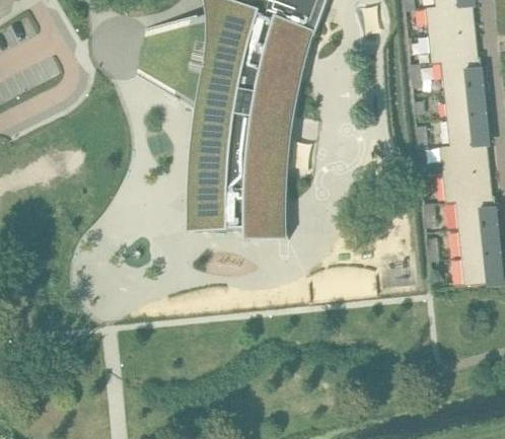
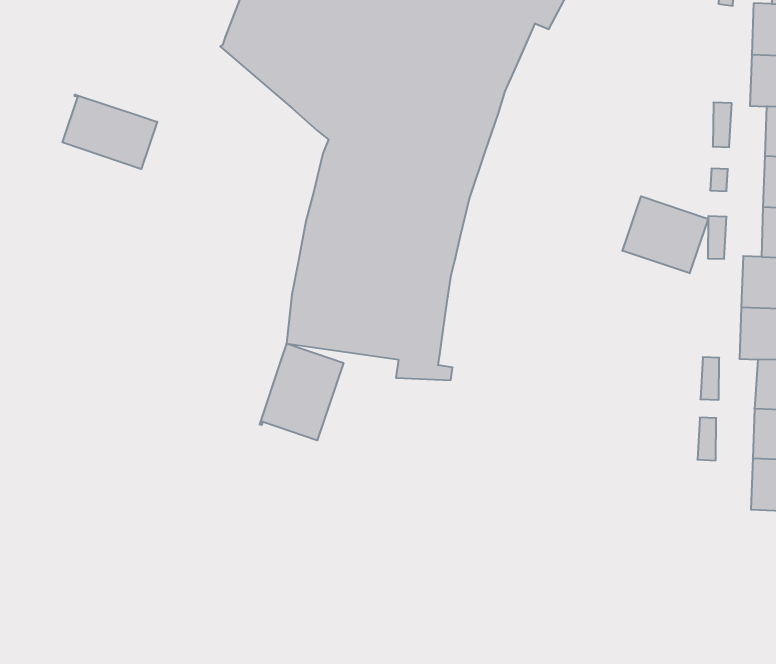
building: none -> [62,94,157,169]
building: none -> [622,196,708,273]
building: none -> [260,344,343,440]

